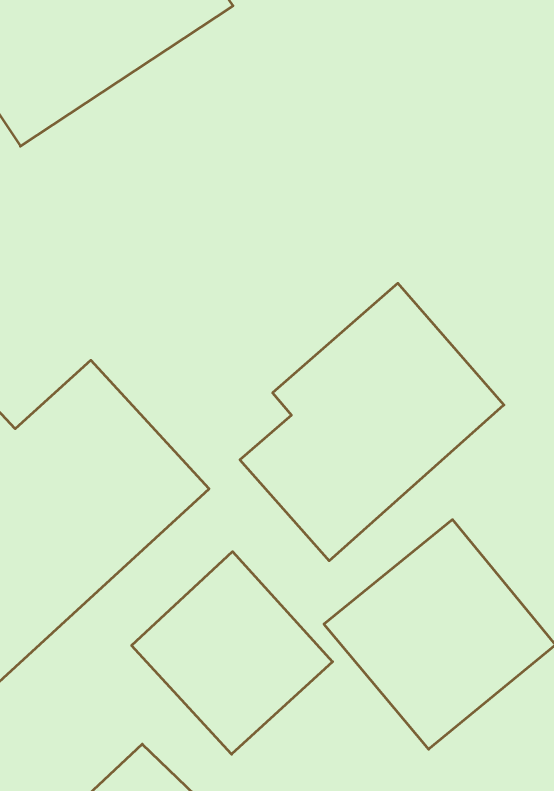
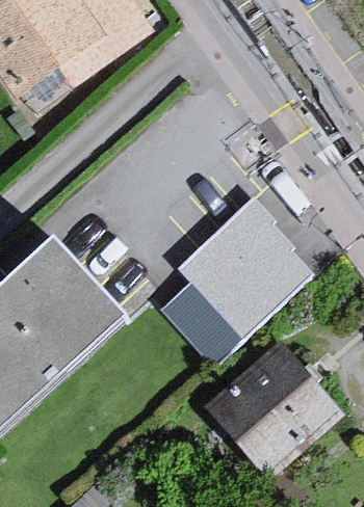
building: [132,552,333,754] -> none

